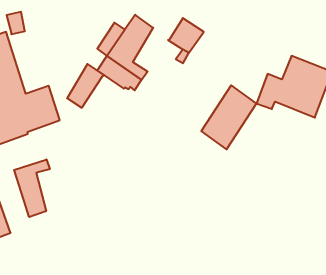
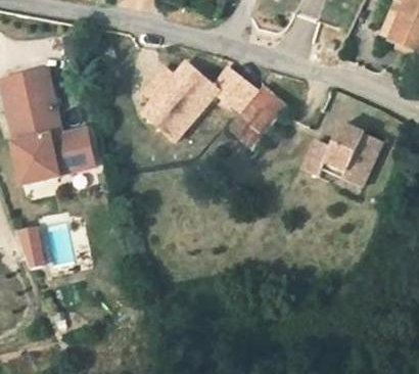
building: [67,64,104,108] -> [177,77,218,122]
building: [201,85,257,149] -> [227,84,287,150]
building: [14,159,50,217] -> none

